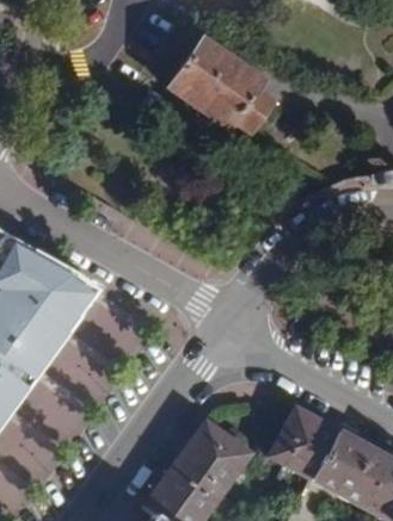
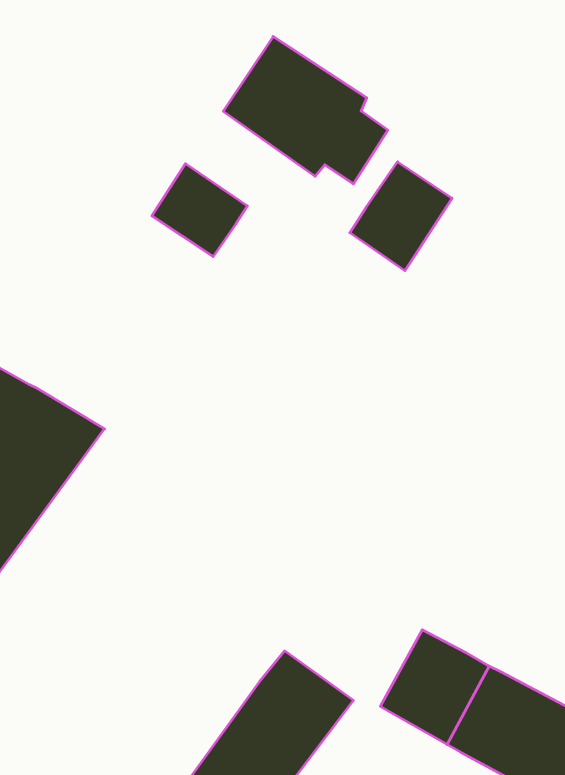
building: none -> [350,162,452,271]
building: none -> [152,164,247,257]

